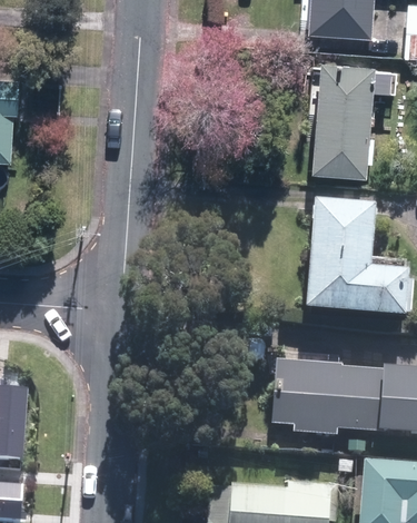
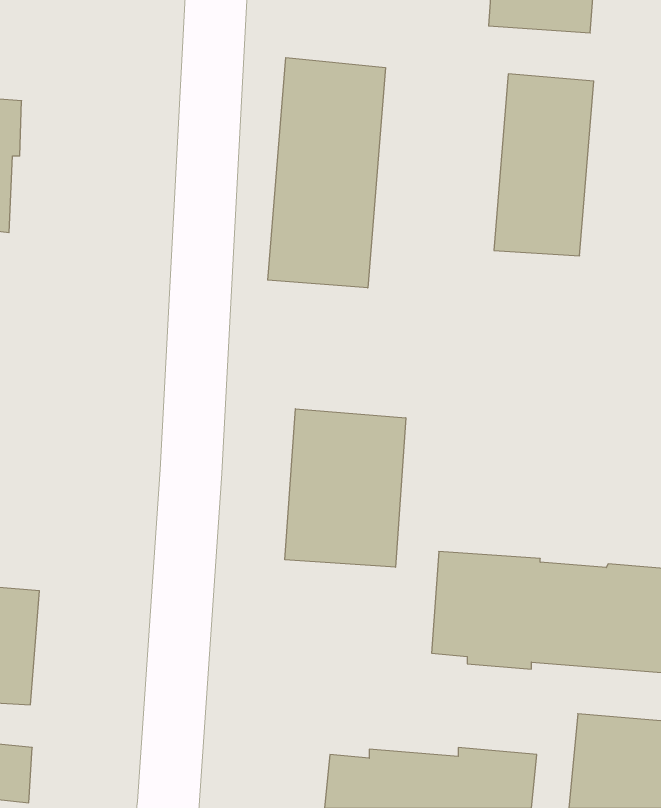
building: none -> [268,58,385,288]
building: [305,200,406,316] -> none
building: none -> [285,409,406,567]

